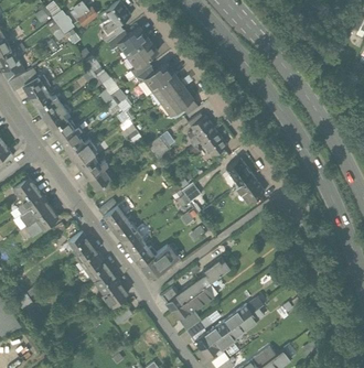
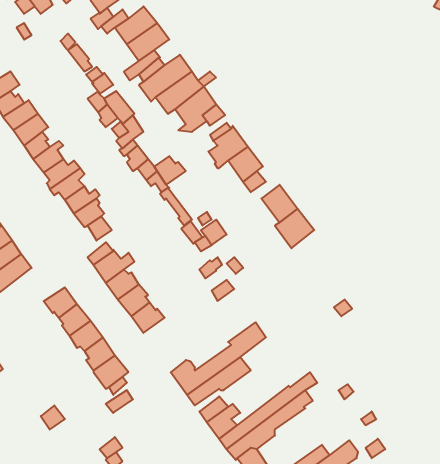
building: [139,246,175,278] -> none

